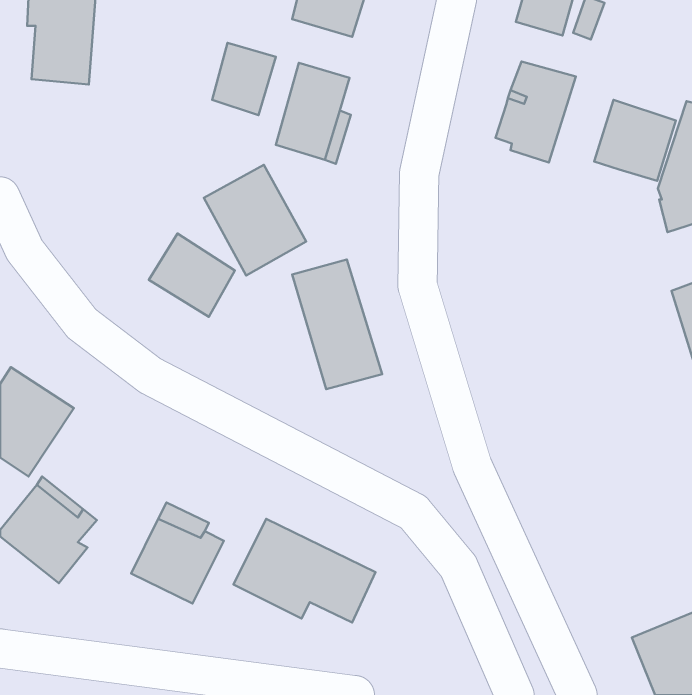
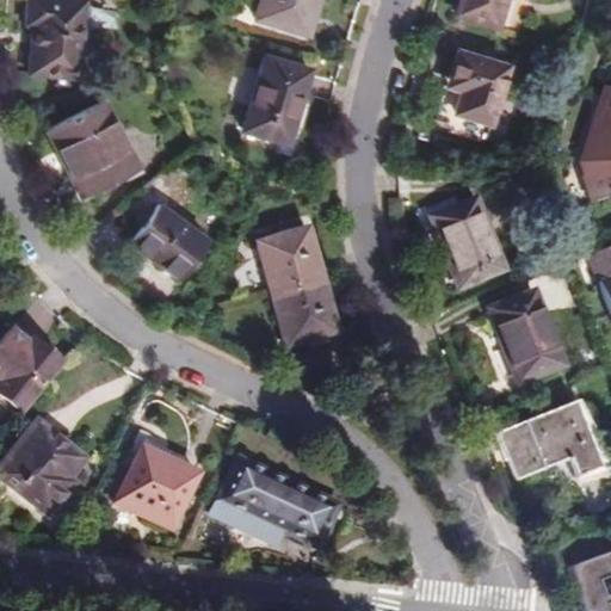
building: [212,43,276,115] -> none
building: [594,100,676,181] -> none
building: [204,165,306,276] -> [51,100,141,197]
building: none -> [430,203,501,291]
building: none -> [494,297,563,384]
building: none -> [495,408,593,486]

